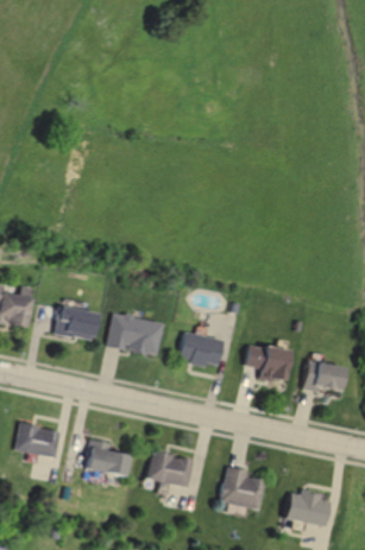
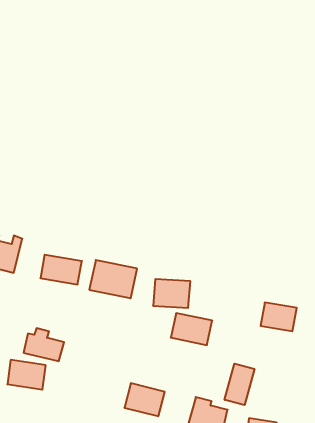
building: [240,342,287,378] -> [171,313,212,345]
building: none -> [225,364,254,405]
building: [86,440,131,476] -> [24,328,64,361]

